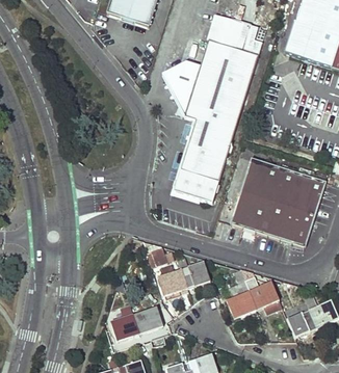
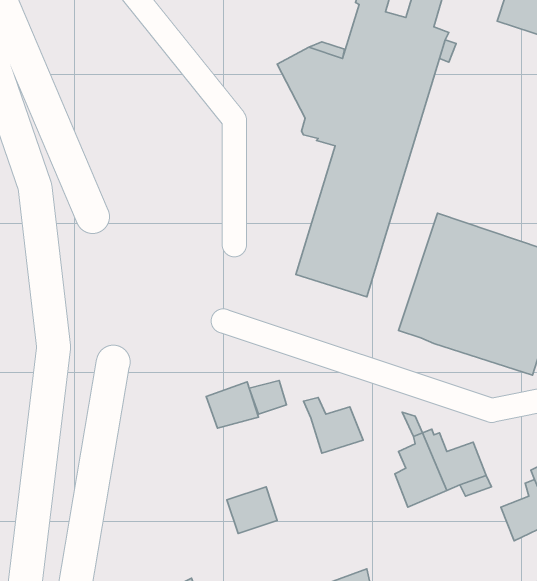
building: [158,269,187,295] -> [206,382,258,428]
building: [111,305,140,341] -> none

